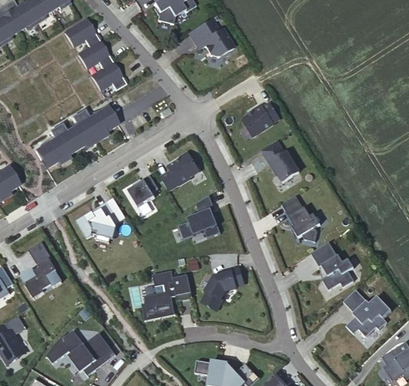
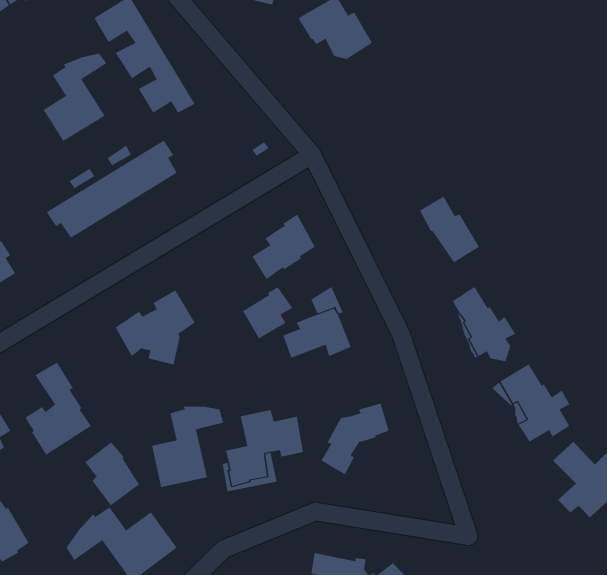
building: none -> [43,53,107,142]
building: [243,101,284,137] -> none
building: [128,176,159,208] -> [242,287,293,339]
building: none -> [151,406,224,488]
building: none -> [84,442,140,506]

